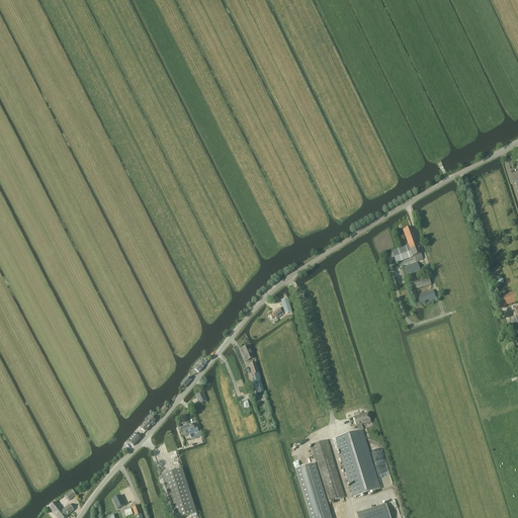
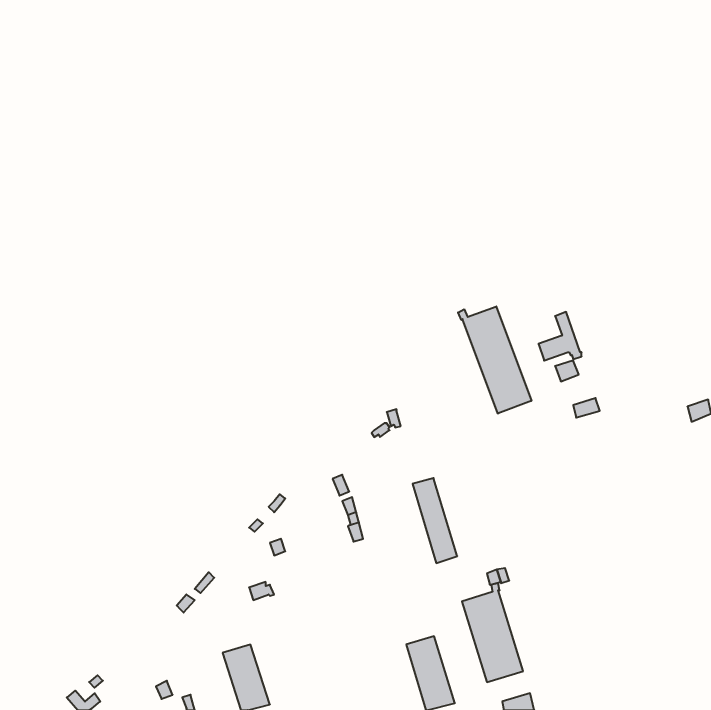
building: none -> [458,306,531,414]
building: [312,440,344,502] -> [413,478,457,563]

